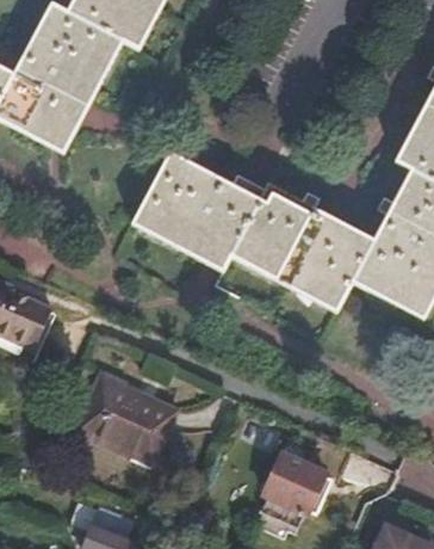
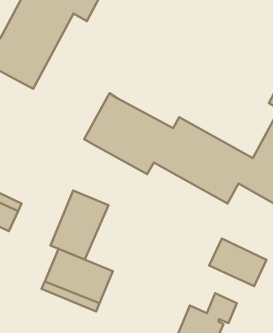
building: none -> [50,191,108,260]
building: none -> [209,238,266,286]

